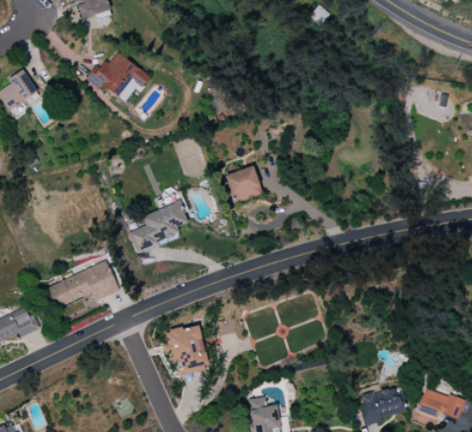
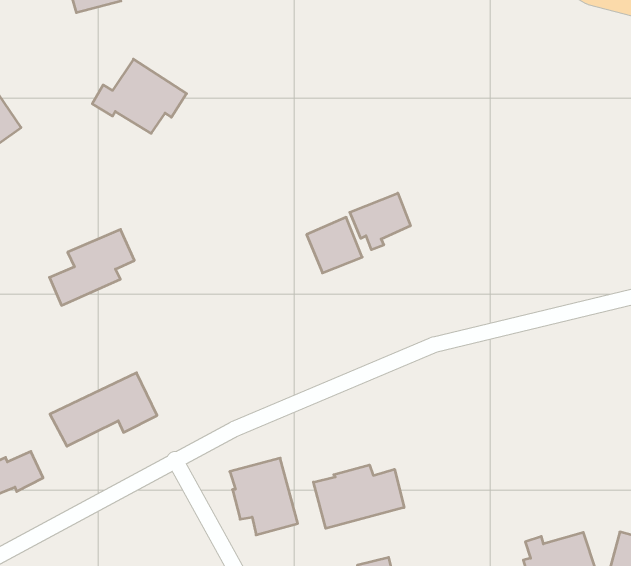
building: none -> [350,193,410,250]
building: [130,201,187,249] -> [49,229,134,305]
building: none -> [313,465,404,528]

